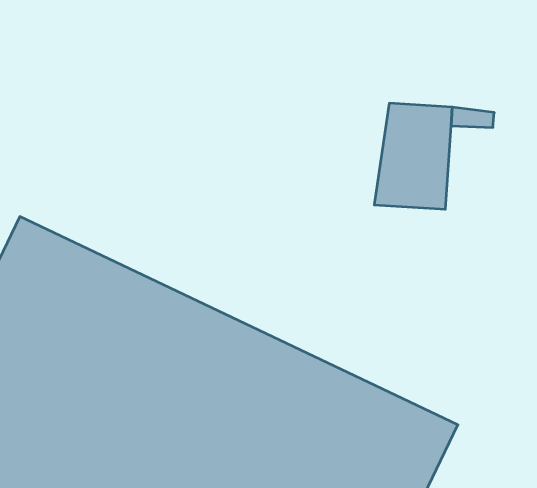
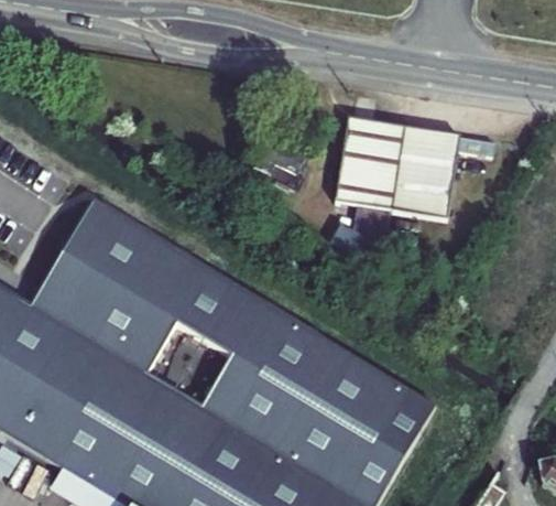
building: none -> [330,123,405,216]

